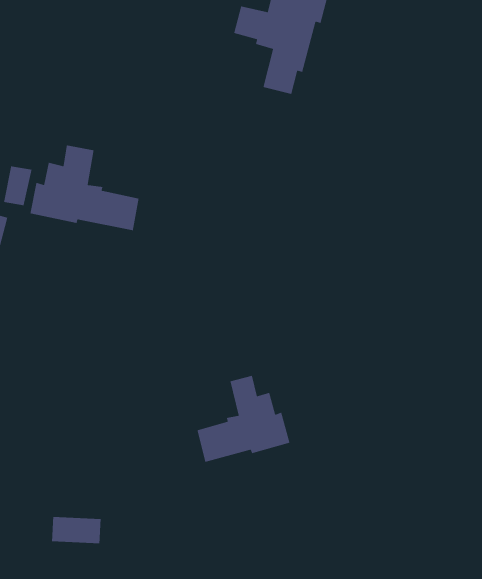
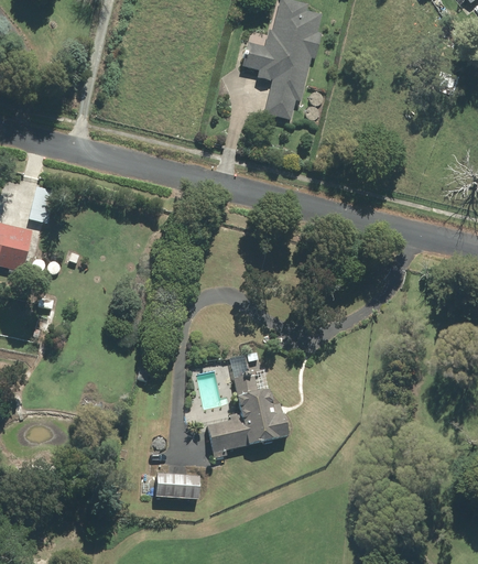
building: [29,144,140,231] -> none
building: [51,516,101,544] -> [154,474,199,499]

